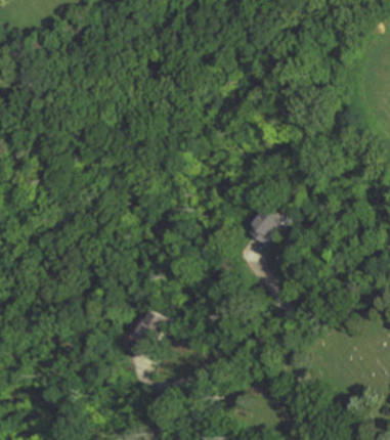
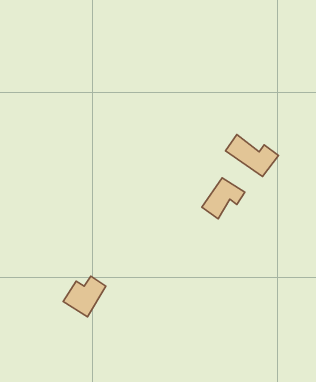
building: none -> [226,135,279,176]

